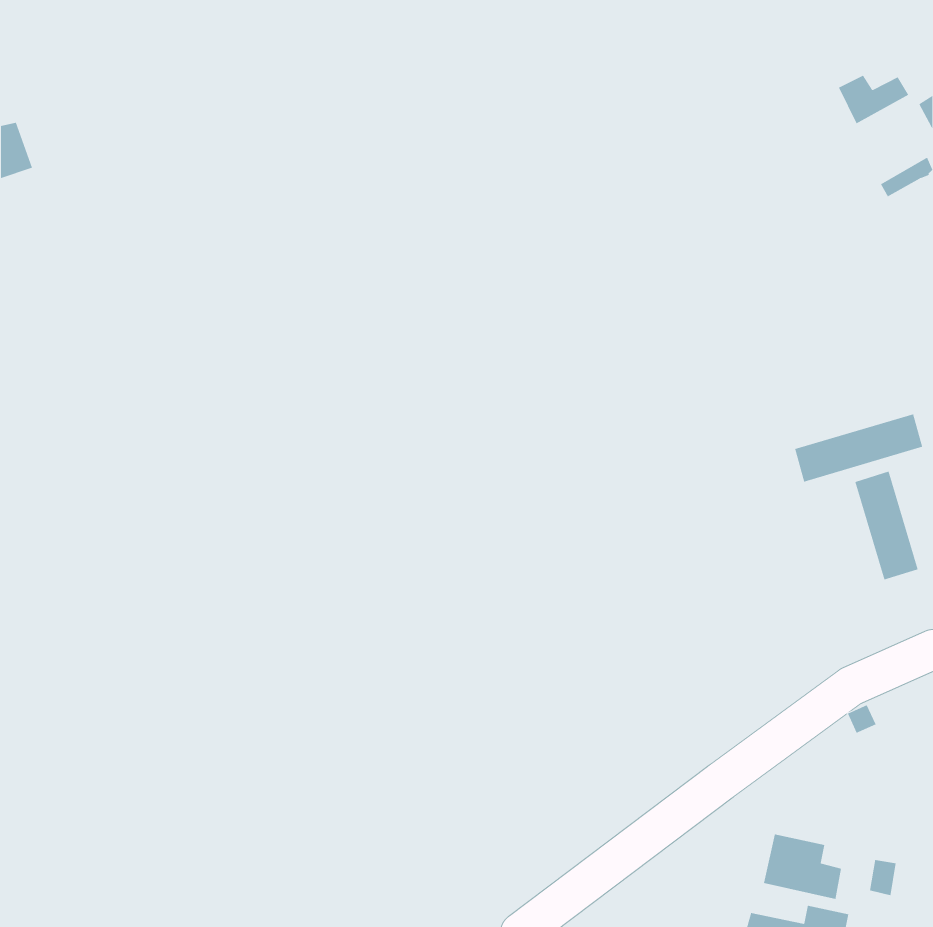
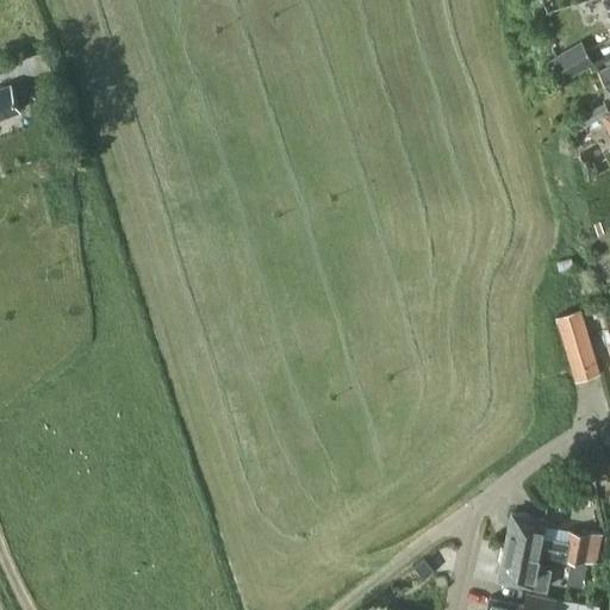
building: [795,413,923,482] -> none
building: none -> [505,513,602,566]

